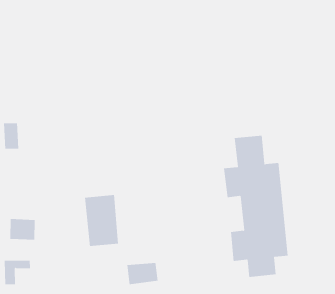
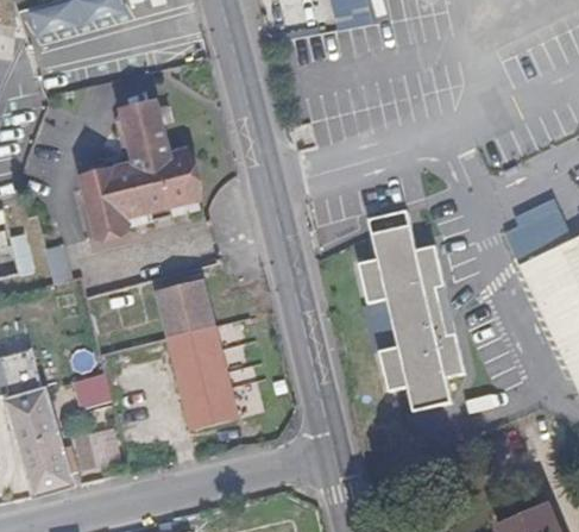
building: none -> [82,100,199,236]
building: none -> [159,282,212,334]
building: [127,262,159,285] -> [187,392,234,428]

